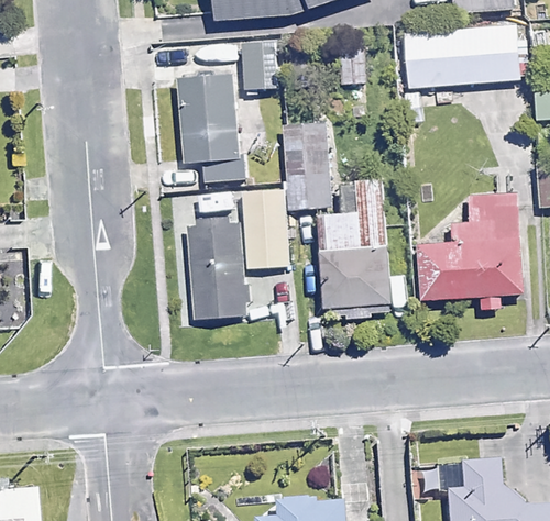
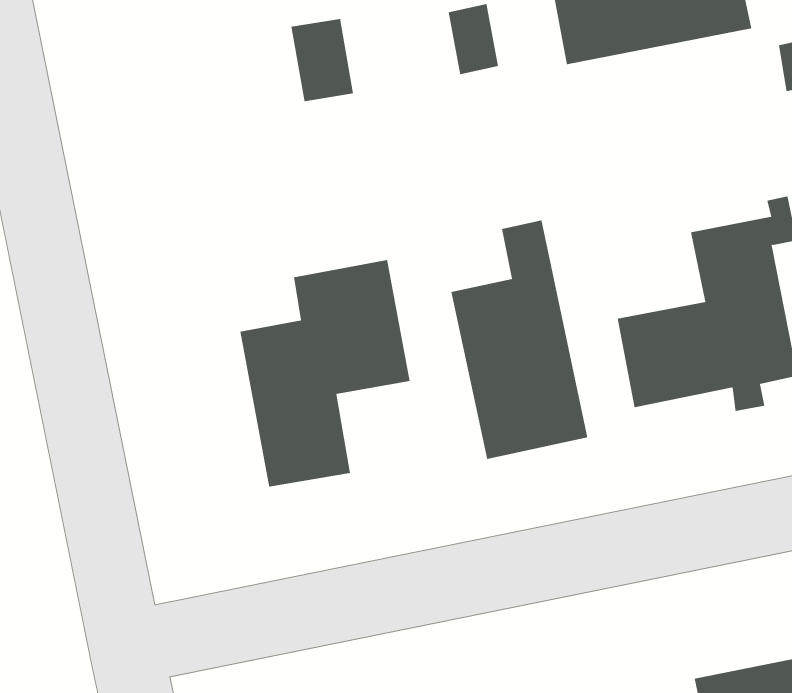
building: [182,74,240,181] -> none
building: [284,124,331,208] -> none

